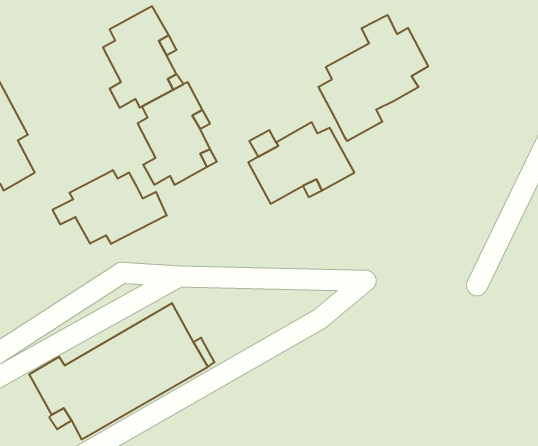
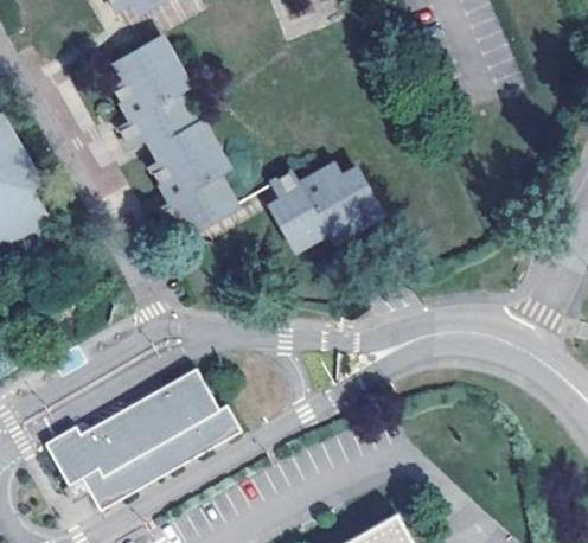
building: [318,15,428,141] -> none
building: [53,170,167,244] -> none

